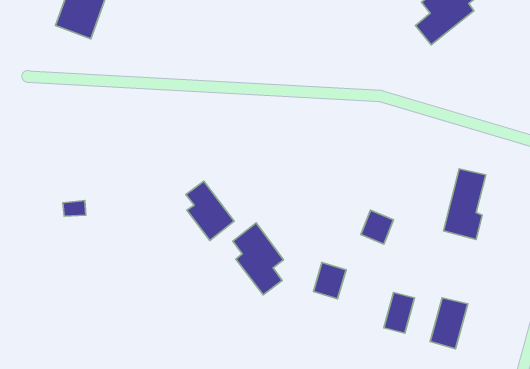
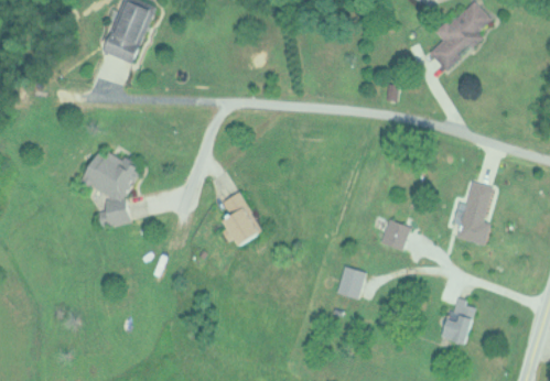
building: none -> [82,149,139,204]
building: [233,223,283,295] -> none
building: [384,292,414,333] -> none

